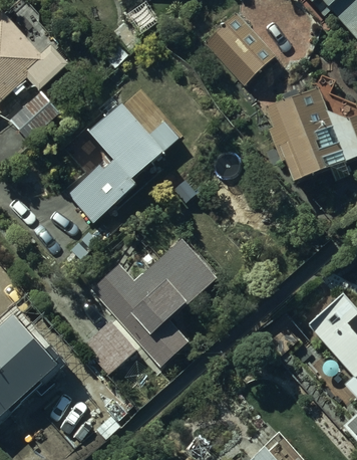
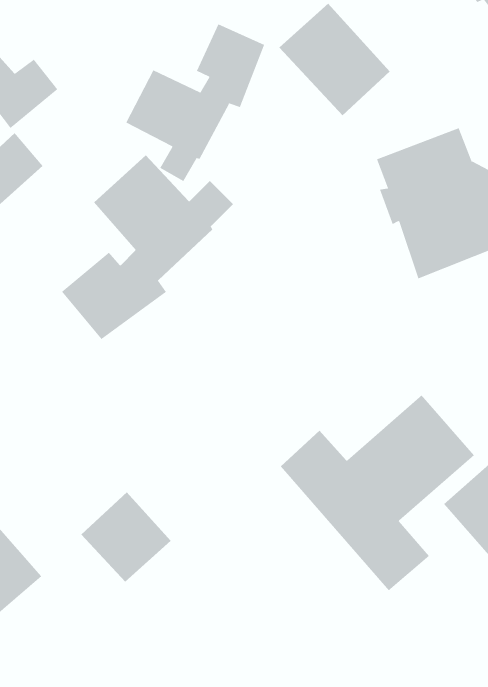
building: none -> [126,23,265,182]
building: [92,240,215,364] -> [280,395,475,591]

